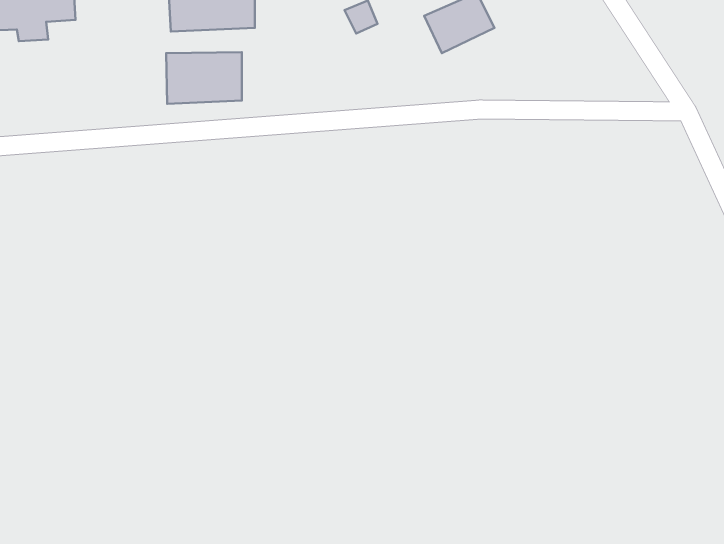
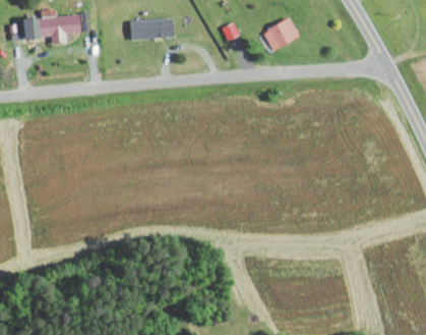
building: [166,52,242,104] -> none

